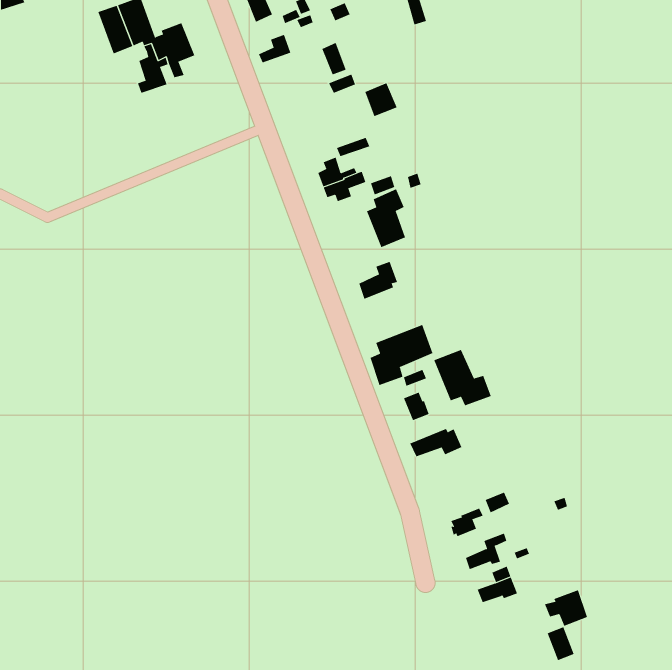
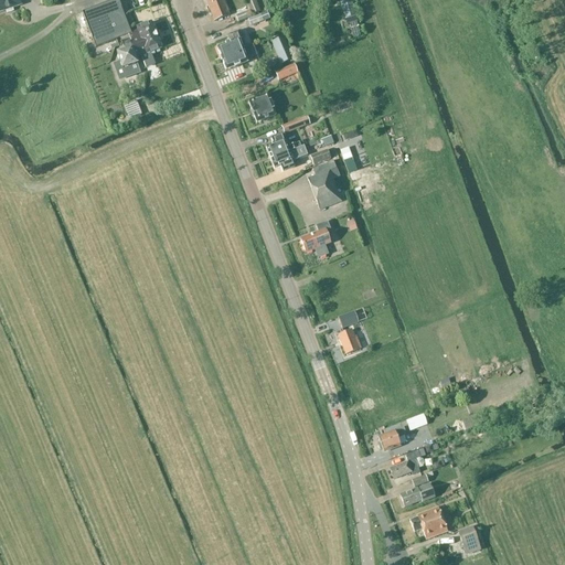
building: none -> [221,43,257,68]
building: [364,82,397,117] -> [249,92,277,120]
building: [370,324,433,386] -> none
building: [433,349,491,406] -> none
building: [409,428,462,457] -> none
building: [544,590,588,626] -> [411,507,447,537]

